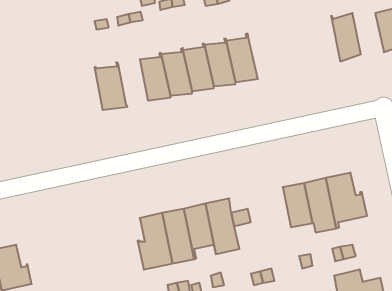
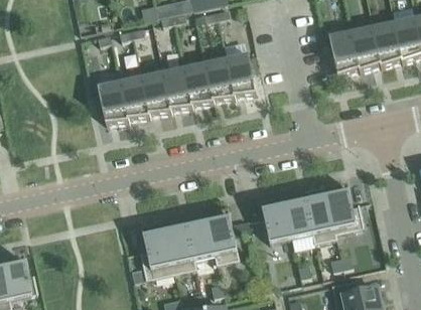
building: none -> [350,27,381,71]
building: none -> [121,72,151,119]
building: none -> [262,199,290,244]

